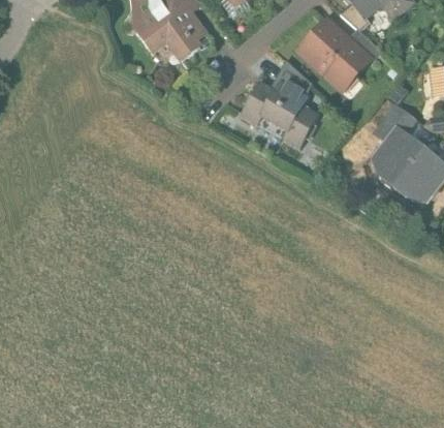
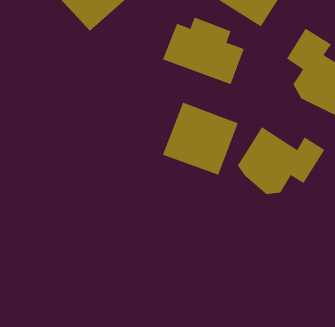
building: none -> [162,102,238,176]
building: none -> [237,126,325,195]

